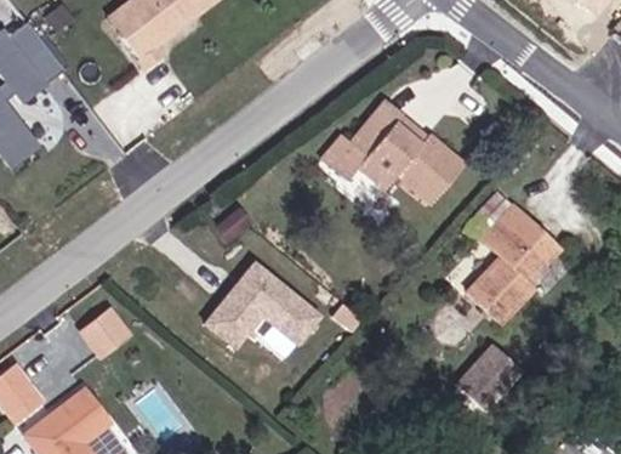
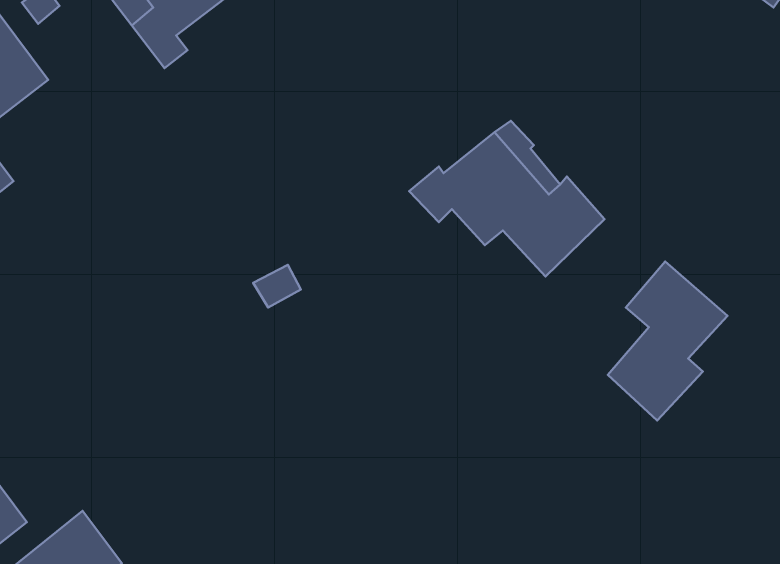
building: [195,265,309,350] -> none
building: [82,310,131,356] -> none
building: [465,346,528,412] -> none

